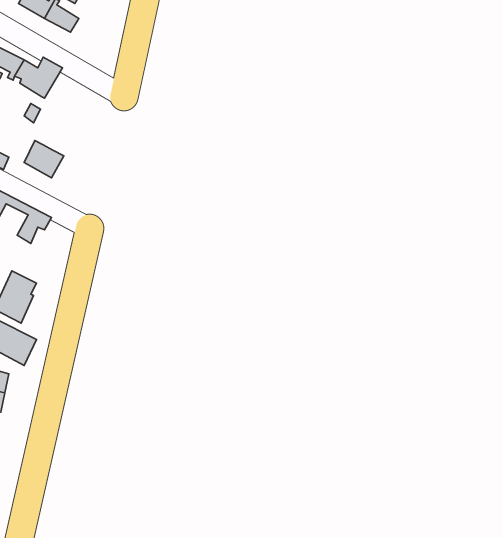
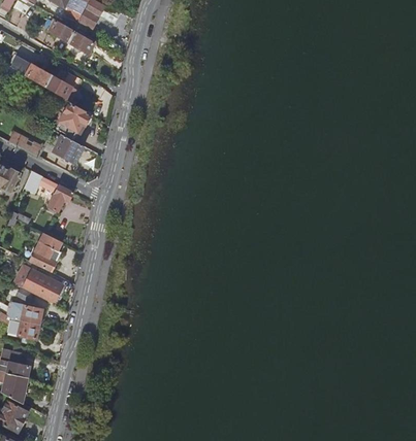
building: none -> [59,104,90,141]

